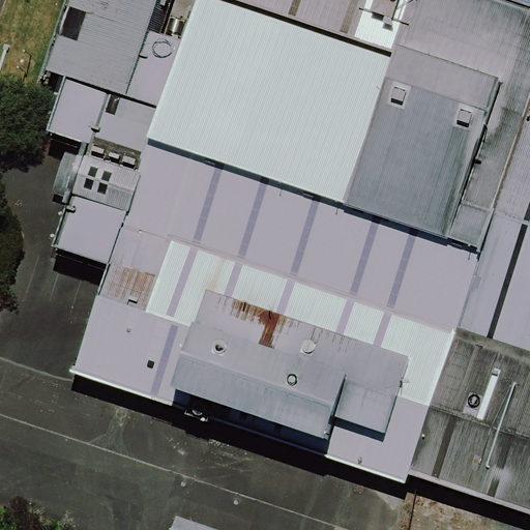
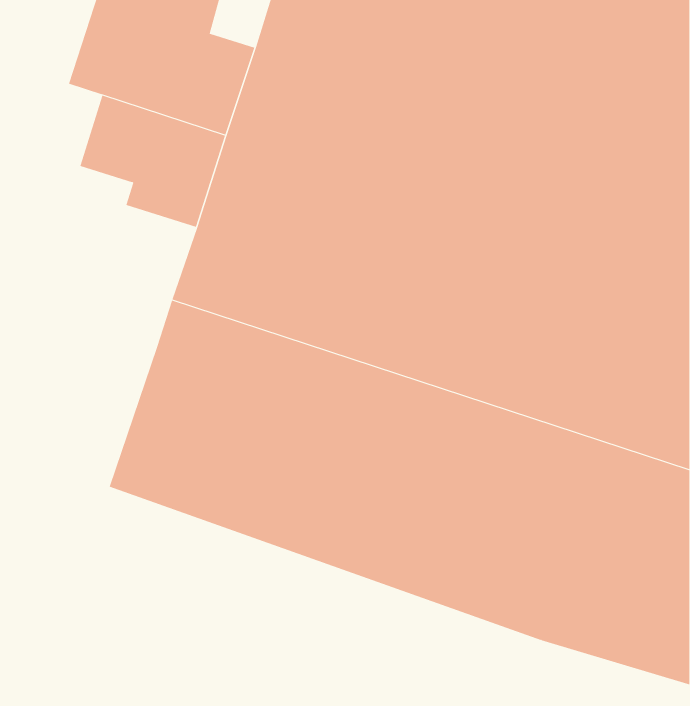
building: [64,152,146,258] -> none

